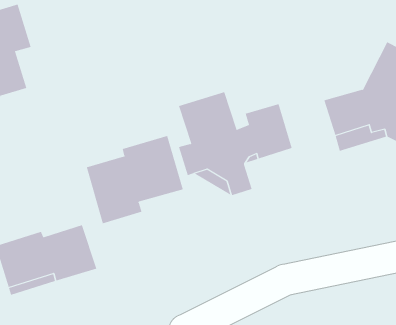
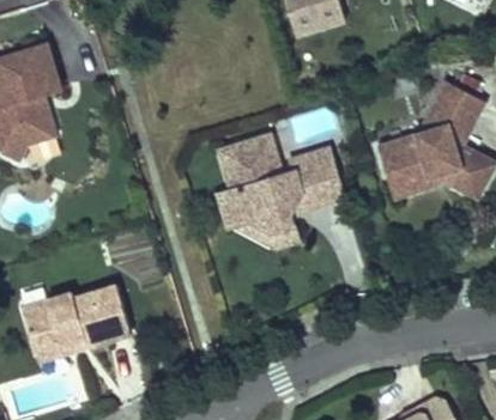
building: [86,135,184,224] -> none

